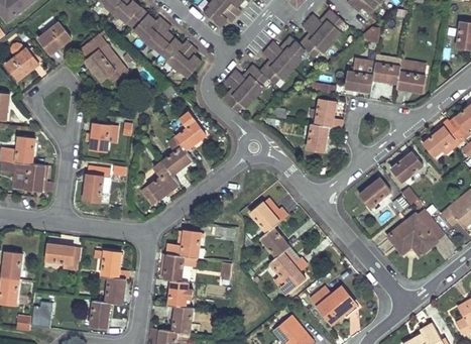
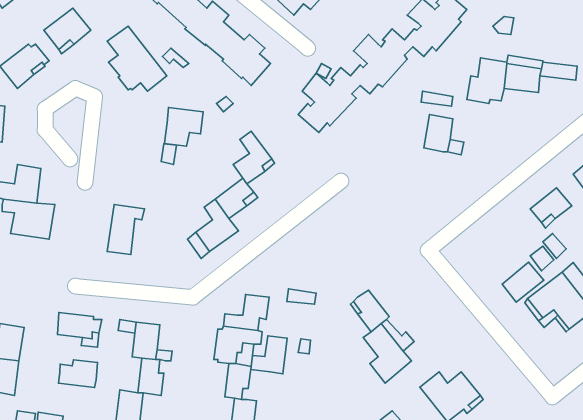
building: [396,71,425,91] -> none
building: [90,122,118,150] -> [164,108,203,146]
building: [306,123,328,150] -> none
building: [359,178,389,207] -> [502,262,544,302]
building: [250,202,279,232] -> none
building: none -> [251,336,287,374]
building: none -> [59,360,97,387]

